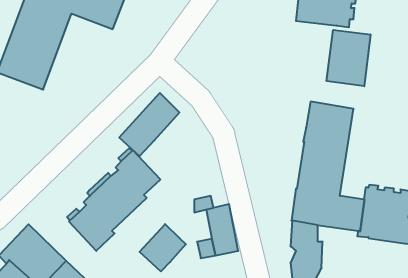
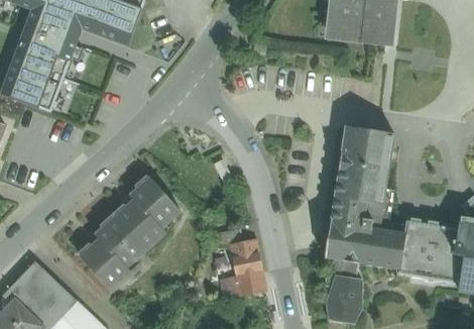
building: [327,30,370,86] -> none
building: [119,93,179,156] -> none
building: [140,224,186,271] -> none

